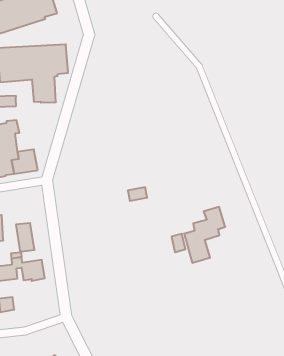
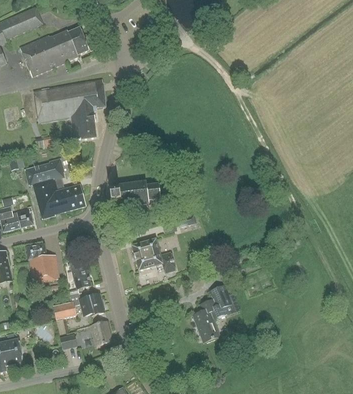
building: none -> [110,181,160,208]
building: [184,207,225,263] -> [192,285,232,343]
building: none -> [132,239,176,273]
building: none -> [90,321,113,346]

